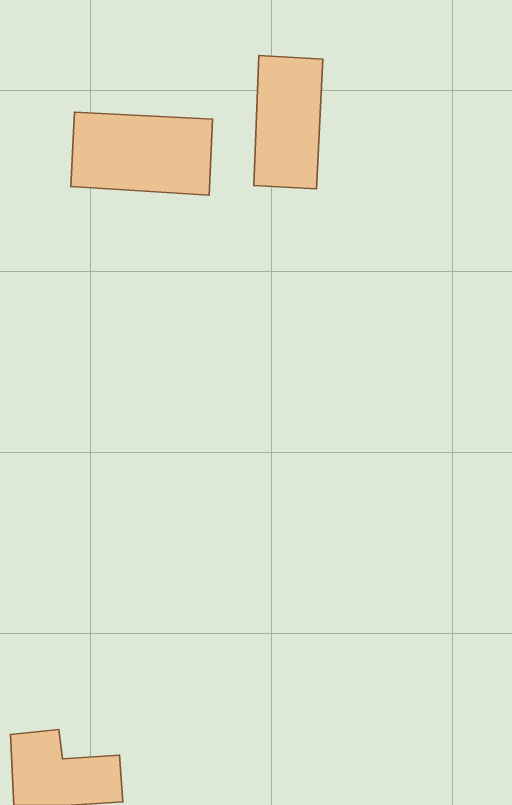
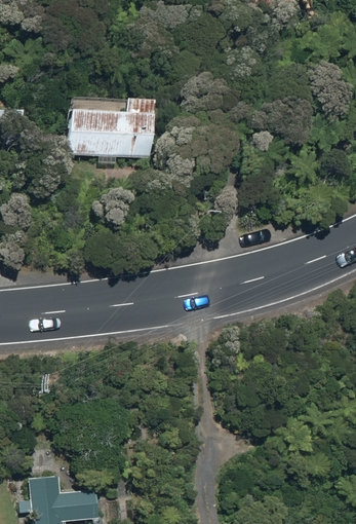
building: [254,56,323,189] -> none

